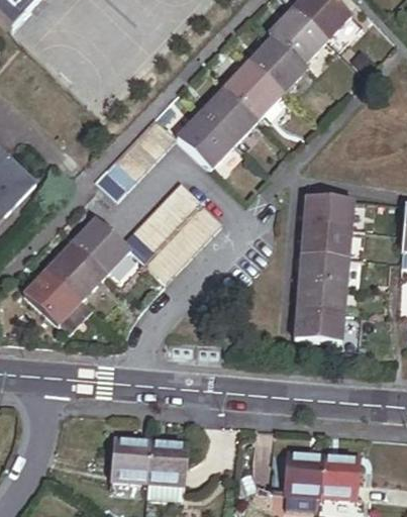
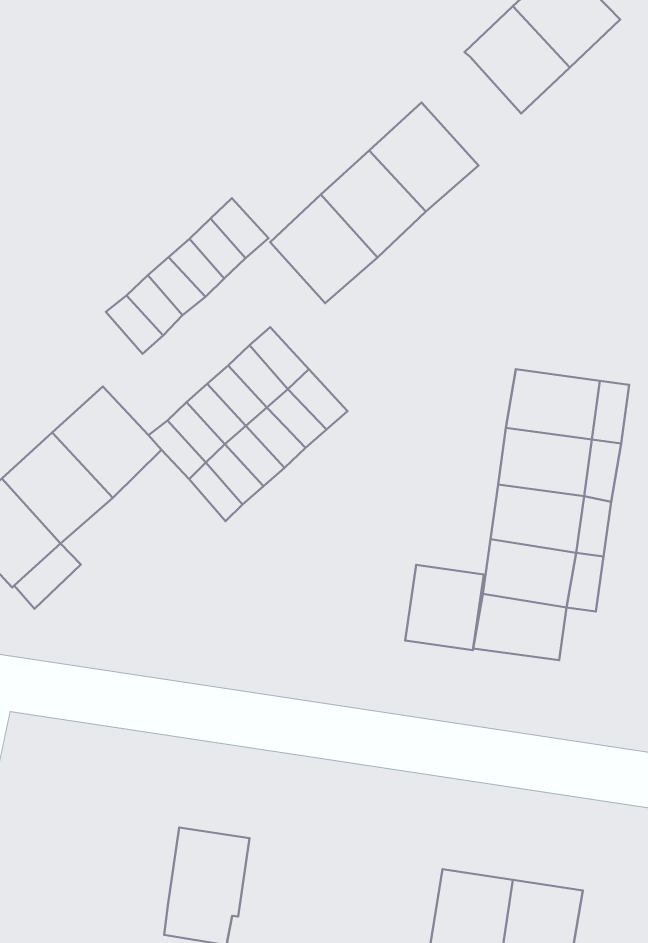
building: [249,35,304,91] -> none
building: none -> [405,565,484,650]
building: [110,437,150,481] -> none

